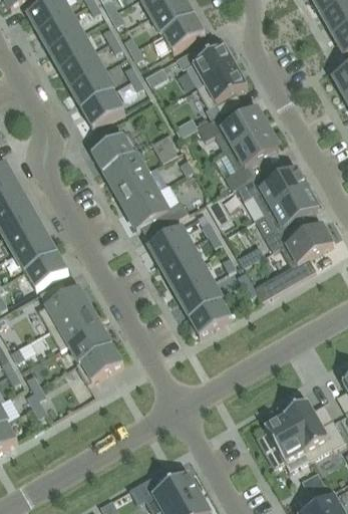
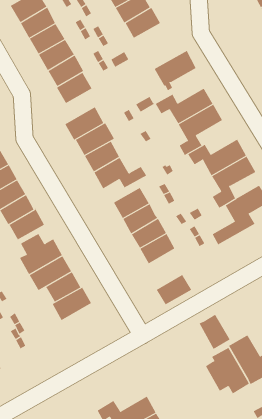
building: [182,43,235,85] -> none
building: [188,297,231,334] -> [156,274,192,305]
building: none -> [199,314,230,350]

